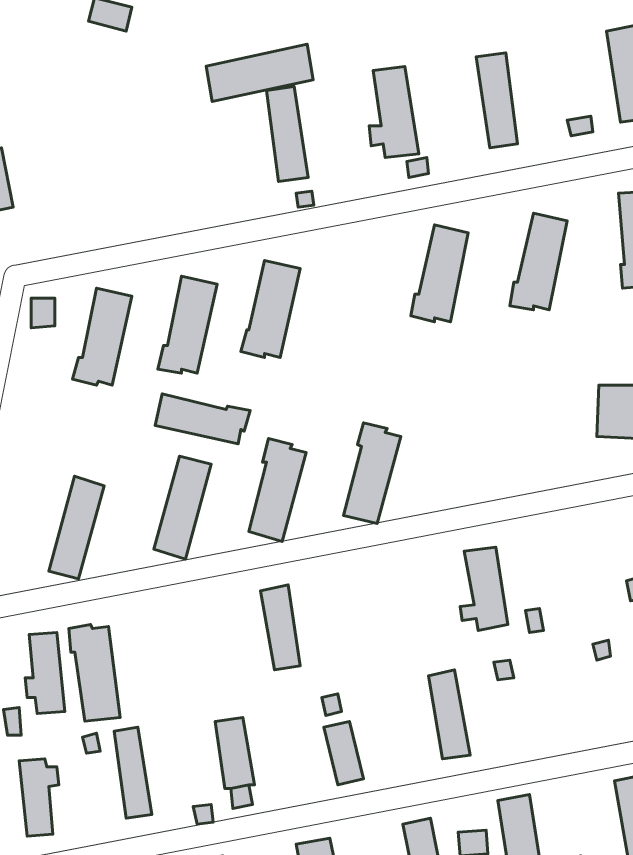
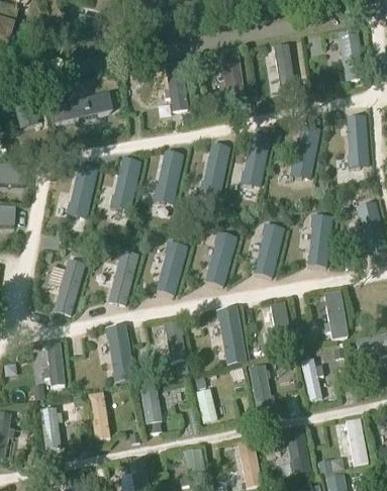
building: [206,44,313,102] -> [54,94,108,123]
building: none -> [200,143,229,193]
building: none -> [309,216,331,267]
building: [155,394,250,444] -> none
building: none -> [255,225,284,277]
building: none -> [323,288,347,336]
building: none -> [217,309,245,359]
building: [69,624,120,721] -> [105,327,131,377]
building: none -> [302,358,323,397]

